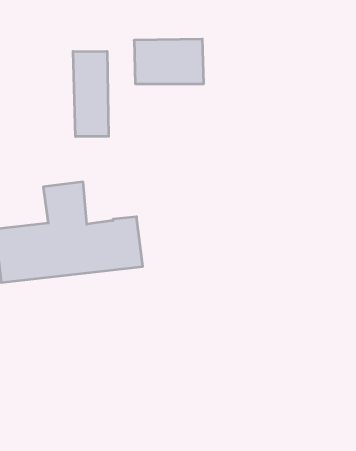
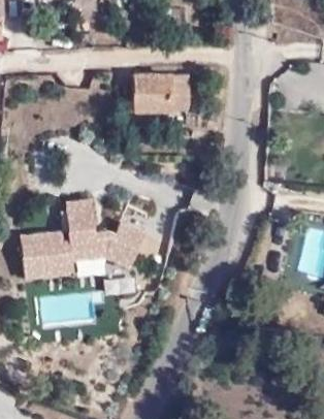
building: [73,51,109,137] -> none

